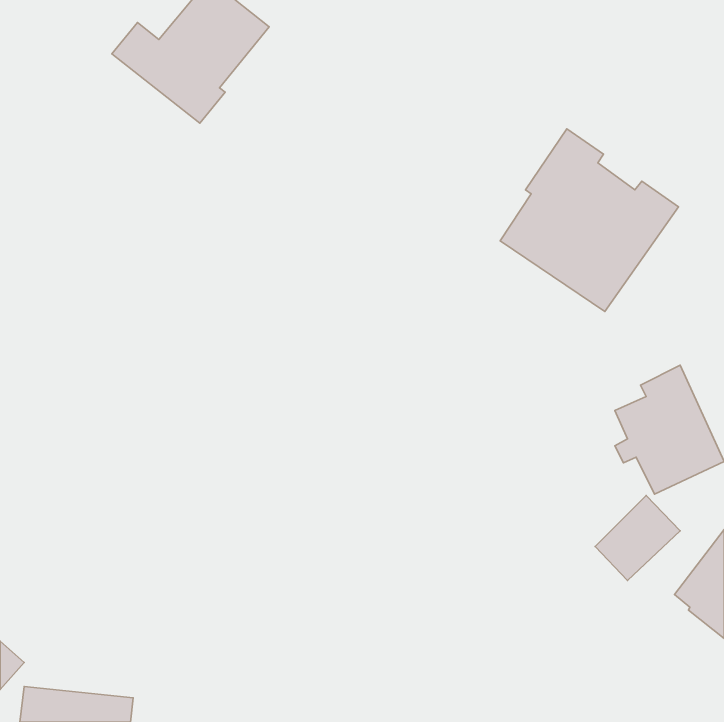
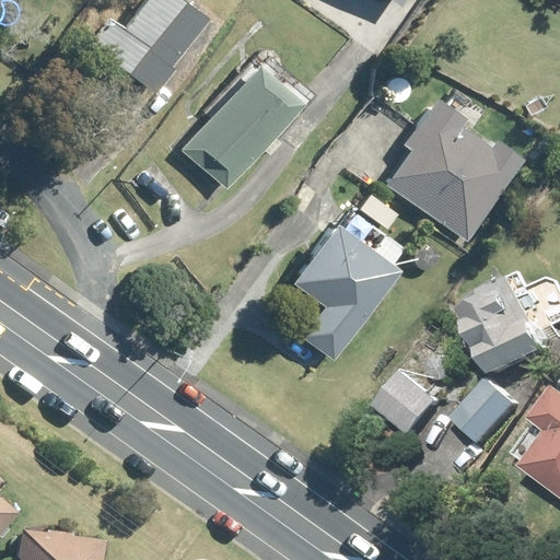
building: none -> [180,63,303,189]
building: none -> [292,211,400,360]
building: none -> [383,376,444,439]

